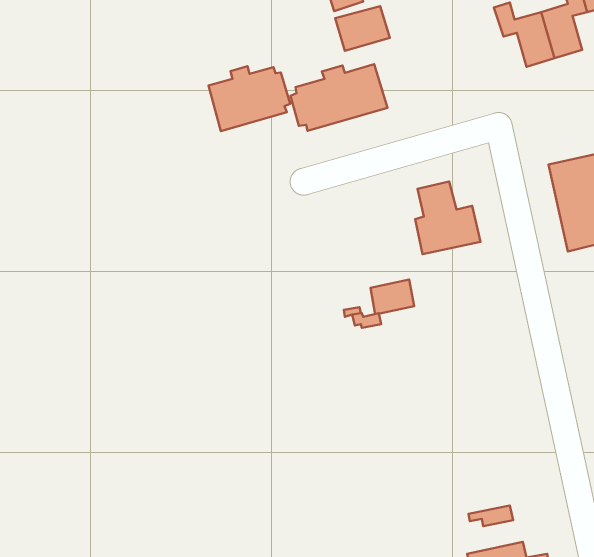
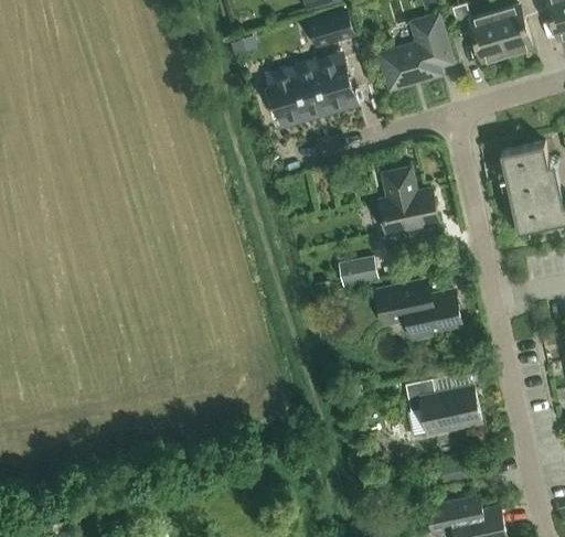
building: none -> [381,17,451,89]
building: [208,66,290,131] -> none
building: none -> [383,283,461,336]
building: none -> [405,380,481,434]

